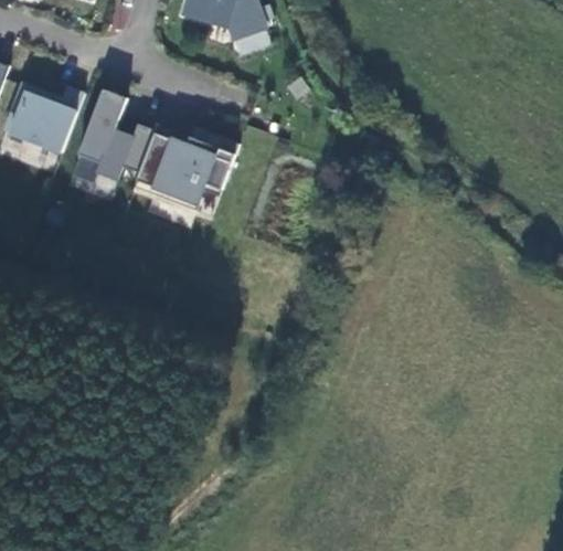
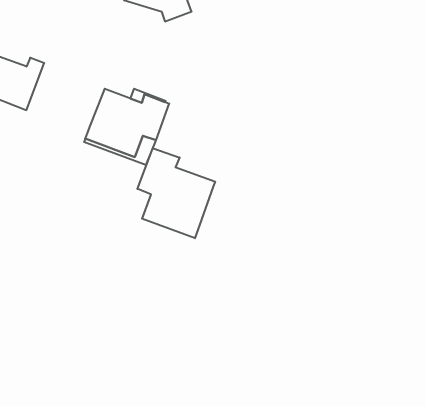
building: [78,89,156,180] -> none
building: none -> [137,148,215,238]

